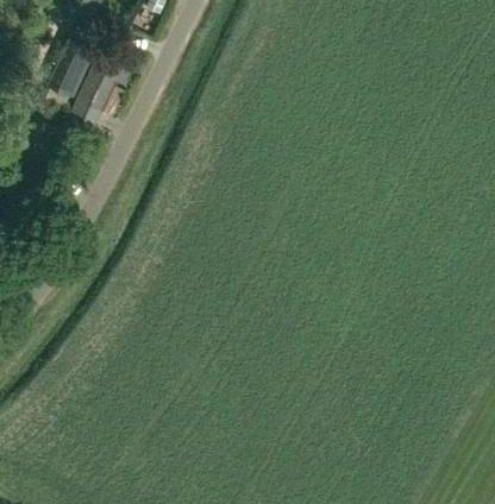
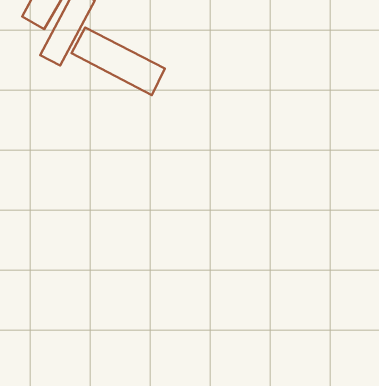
building: none -> [71,27,165,95]

